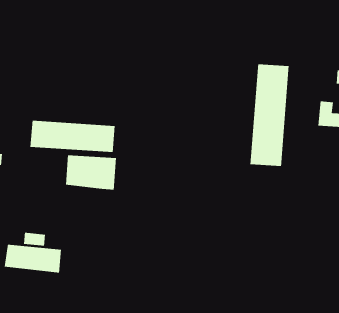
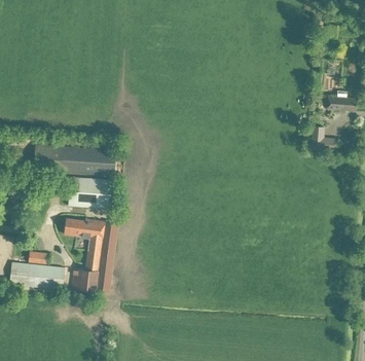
building: [250,64,289,167] -> none
building: none -> [63,218,117,293]

